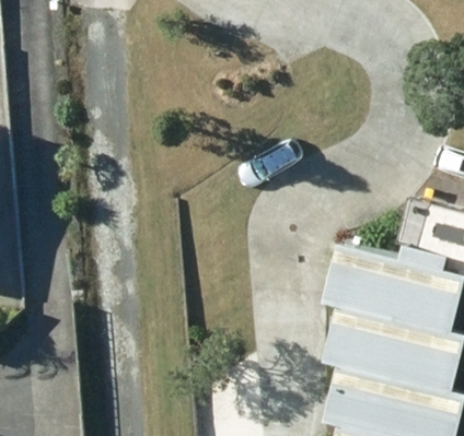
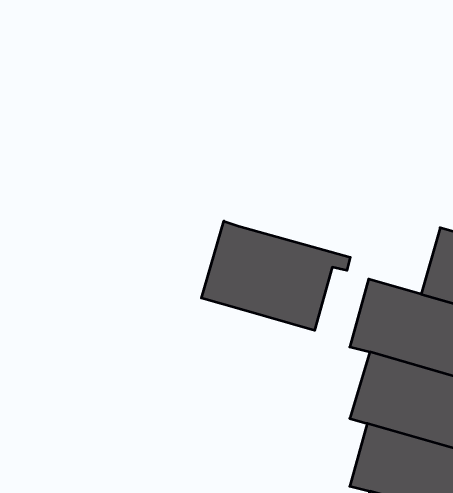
building: none -> [201,221,350,330]

